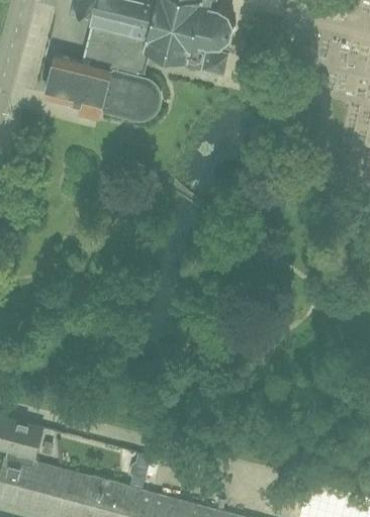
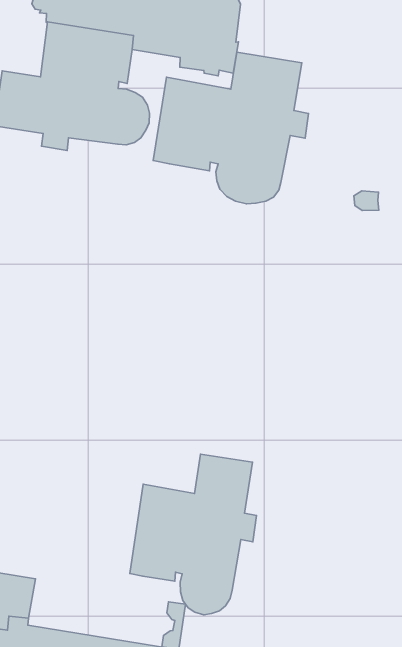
building: none -> [153,52,309,204]
building: none -> [130,454,256,615]

